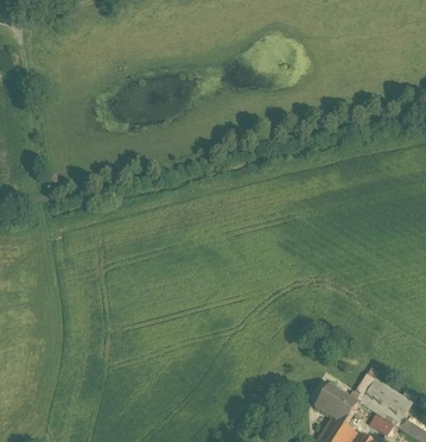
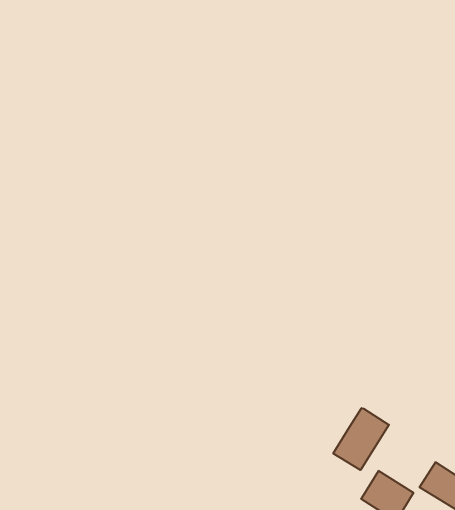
building: none -> [333,408,389,470]

